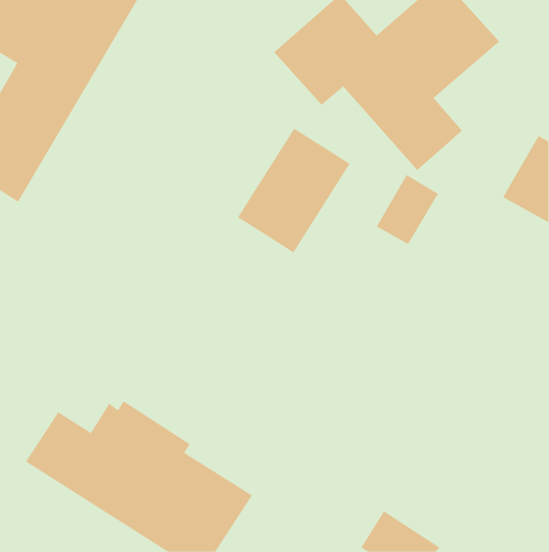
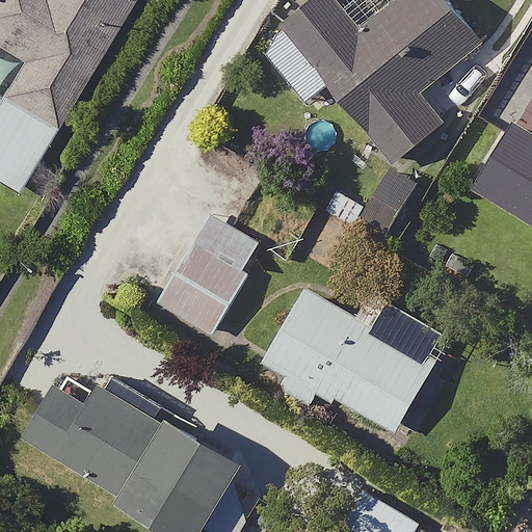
building: [237,128,350,253] -> [157,213,265,332]
building: none -> [265,292,449,432]

